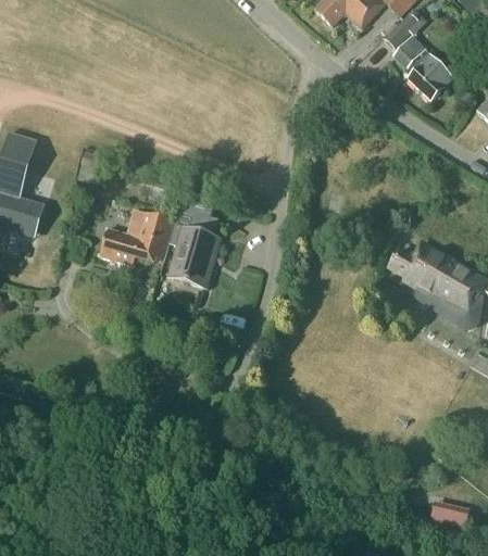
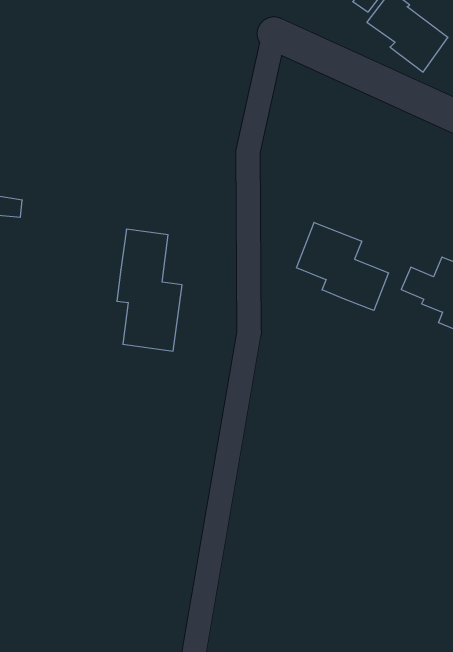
building: none -> [296,222,389,310]
building: [97,208,175,267] -> none

